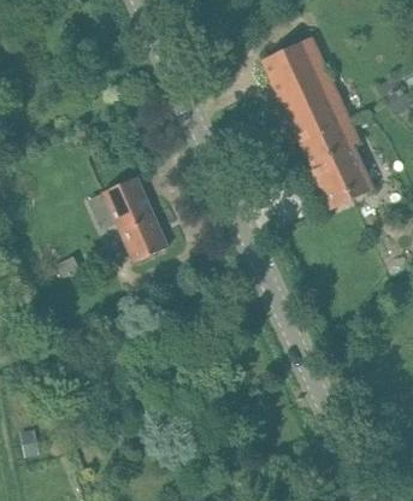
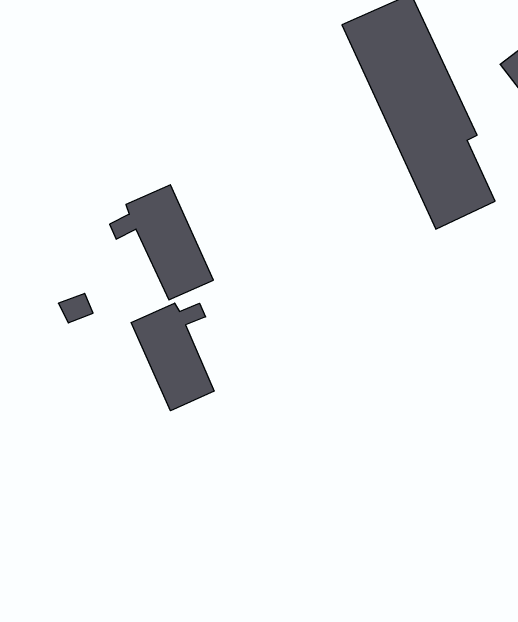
building: none -> [131,303,214,411]

